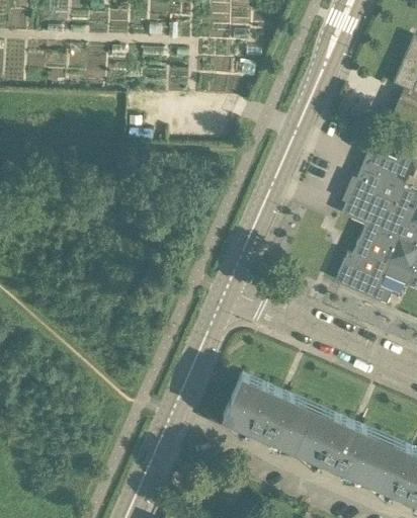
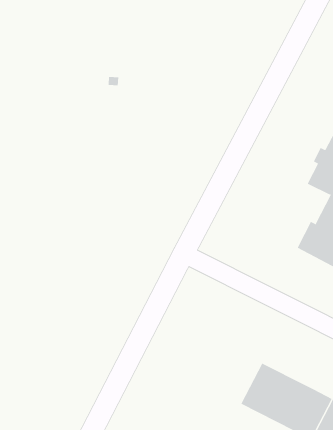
building: [222,375,307,447] -> none

